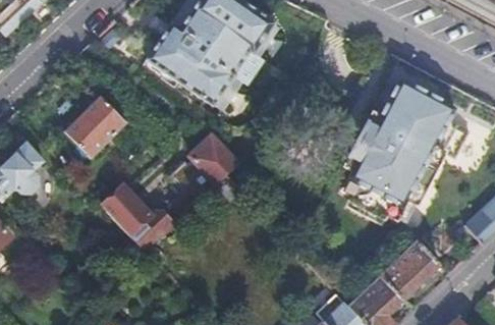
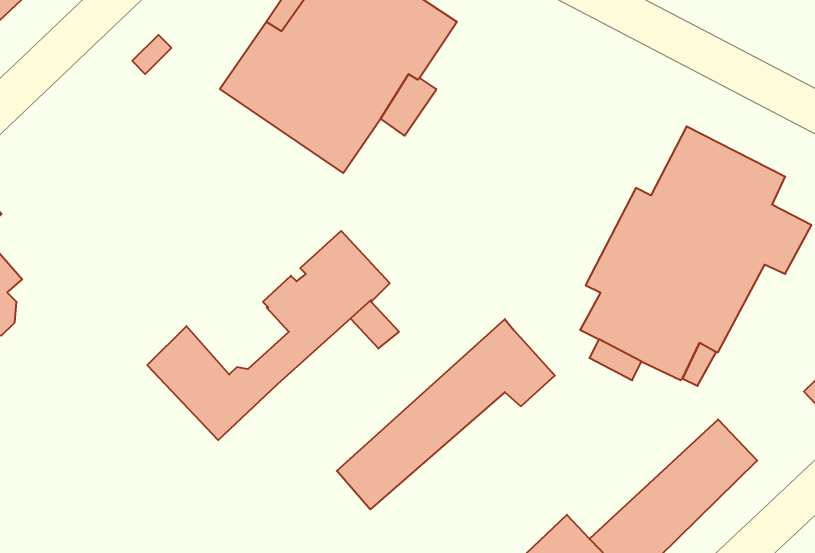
building: [67,94,127,154] -> none
building: none -> [337,319,555,509]

